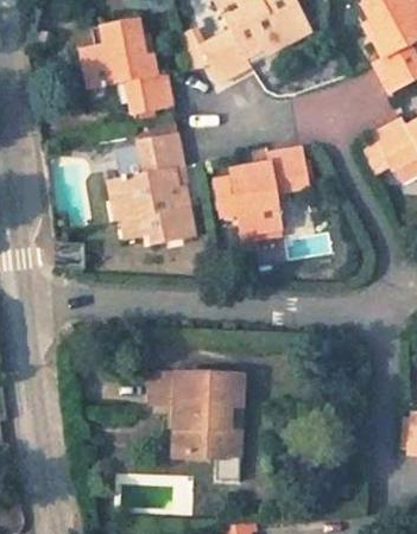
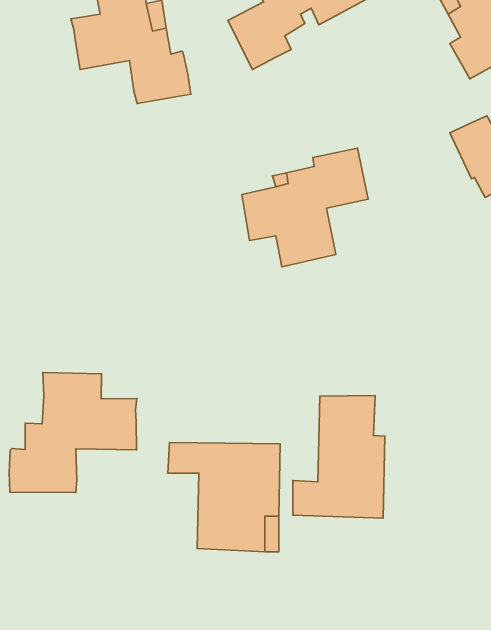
building: [107,138,192,249] -> none
building: none -> [9,373,137,492]
building: none -> [293,396,385,518]

